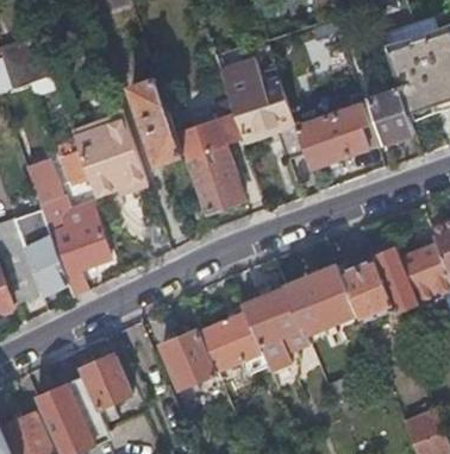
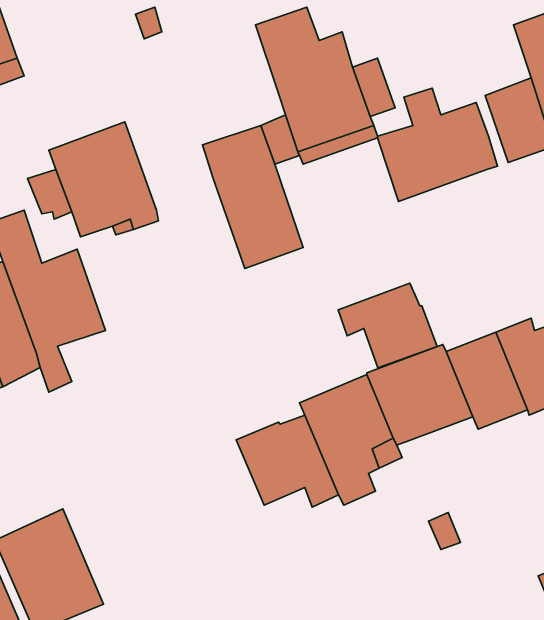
building: [131,78,183,163] -> none
building: none -> [338,283,437,368]
building: [162,329,218,389] -> none
building: [82,354,132,422] -> none

